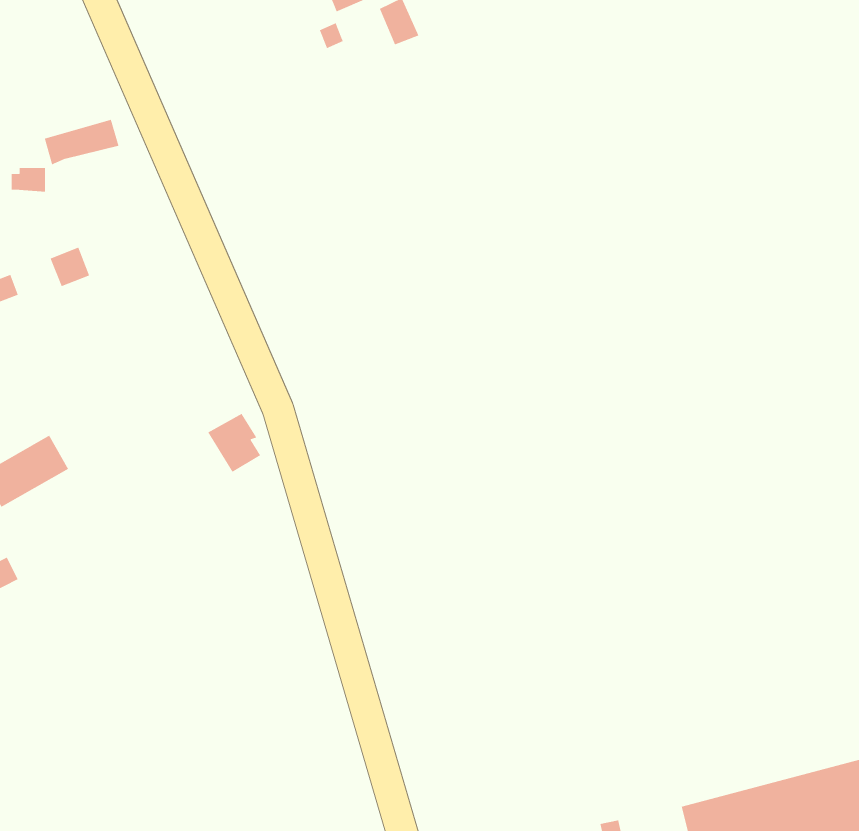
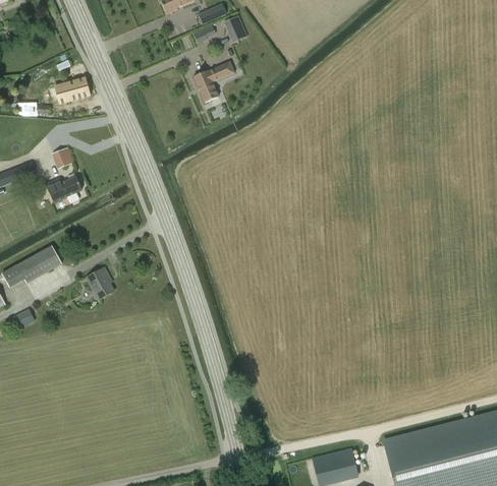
building: none -> [194,61,234,102]
building: none -> [46,176,81,201]
building: [207,413,261,473] -> [86,267,114,299]

